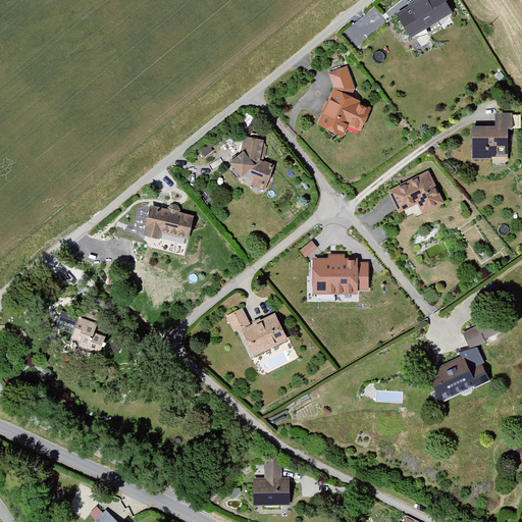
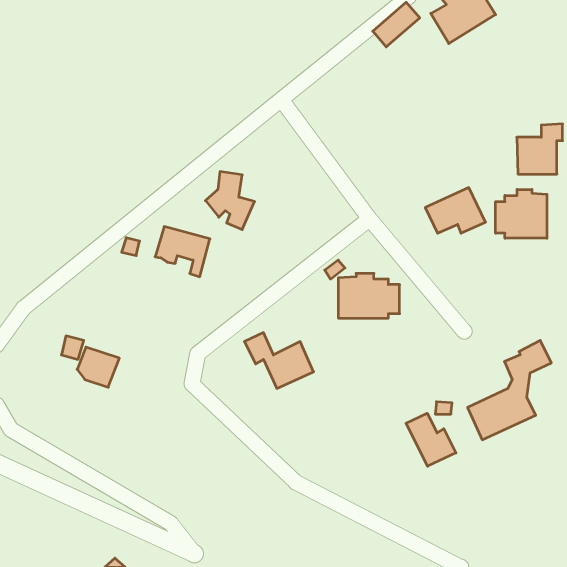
building: [316,64,372,137] -> none
building: [229,137,274,190] -> [205,172,255,230]
building: none -> [496,189,547,238]
building: none -> [406,413,456,466]
building: [253,461,291,505] -> none

